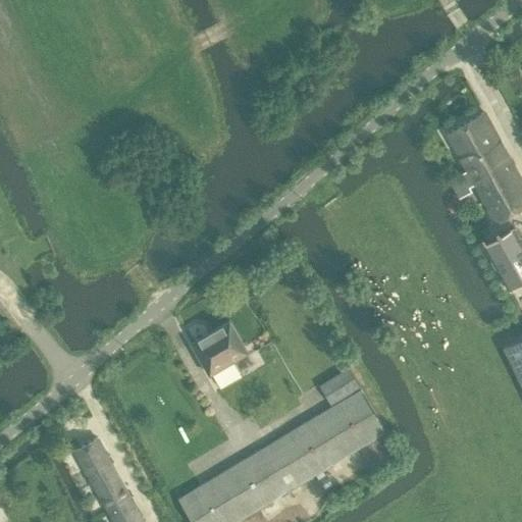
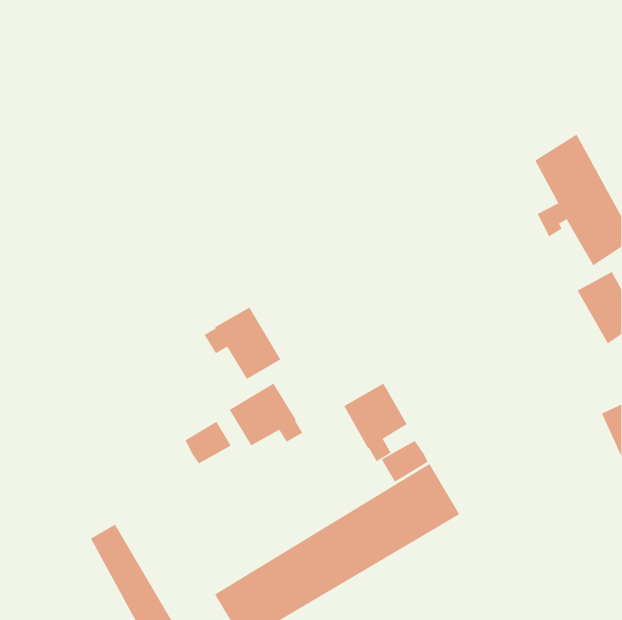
building: none -> [204,307,281,380]
building: none -> [343,383,408,462]
building: none -> [185,421,231,464]

